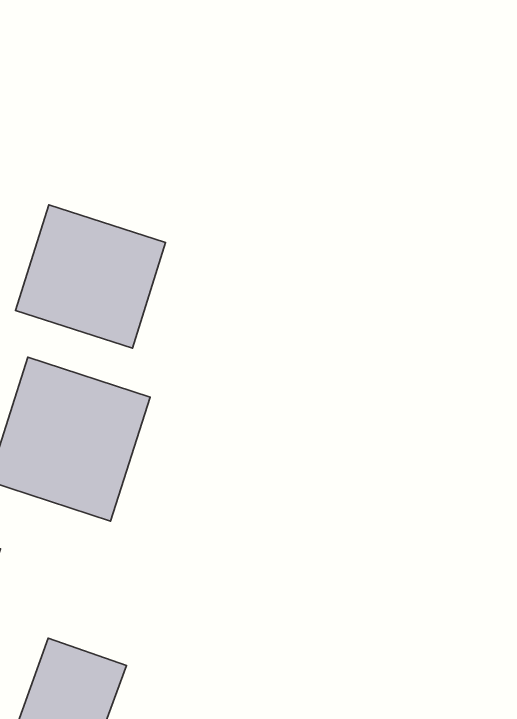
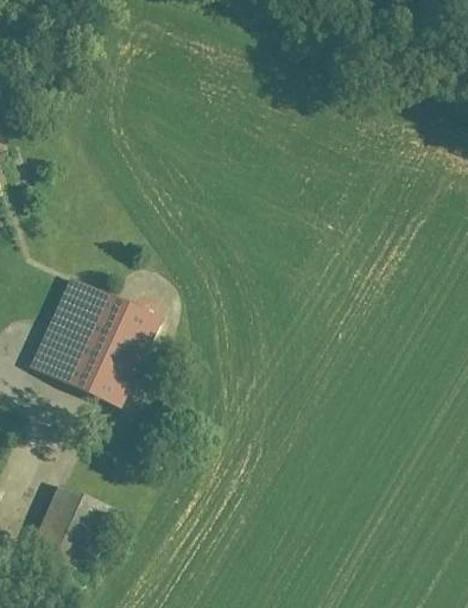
building: [16,205,166,348] -> none

